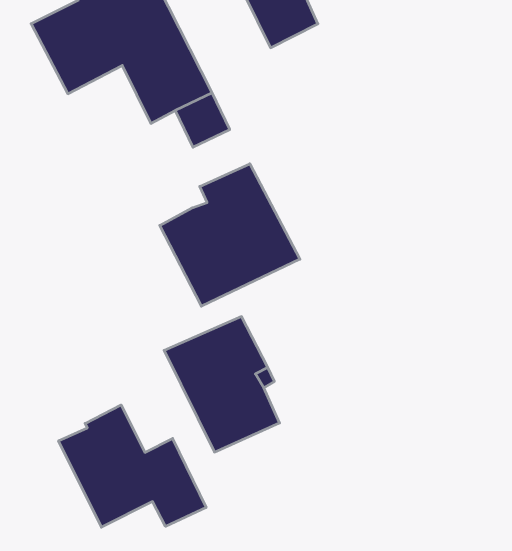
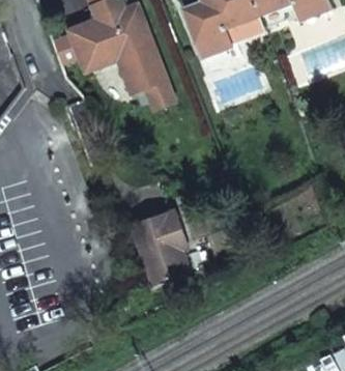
building: [160,164,300,306] -> none
building: [59,405,206,527] -> none

